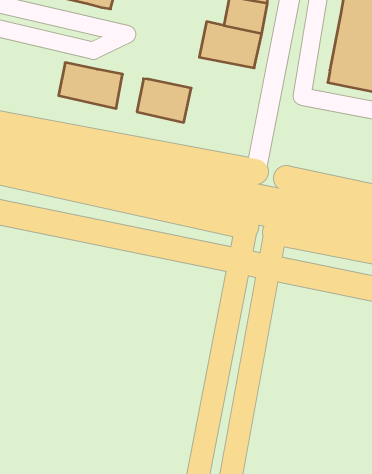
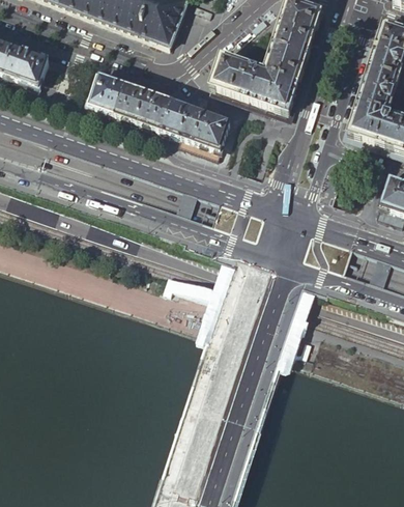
building: none -> [212,53,252,92]
building: none -> [88,73,124,110]
building: none -> [164,98,191,133]

